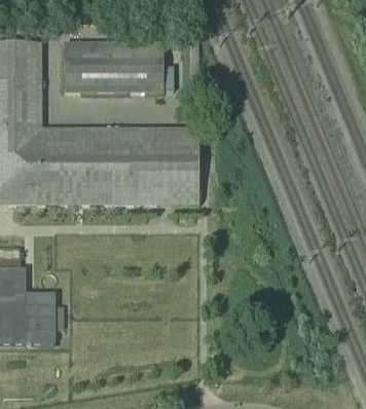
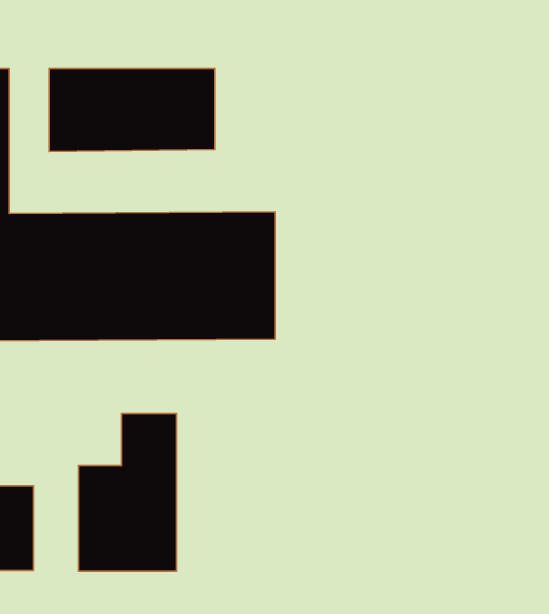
building: none -> [78,414,176,571]

